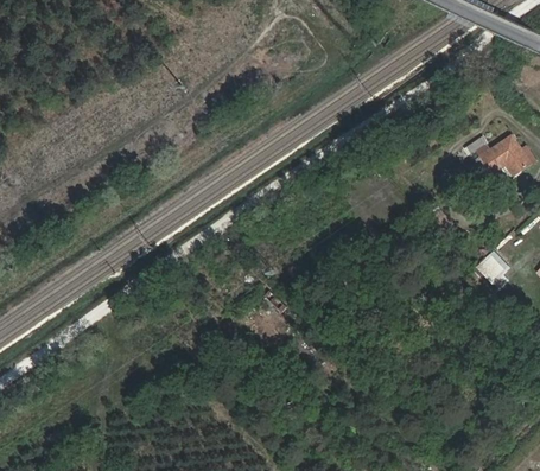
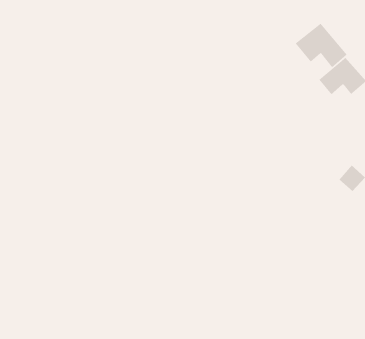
building: none -> [295,23,347,68]

